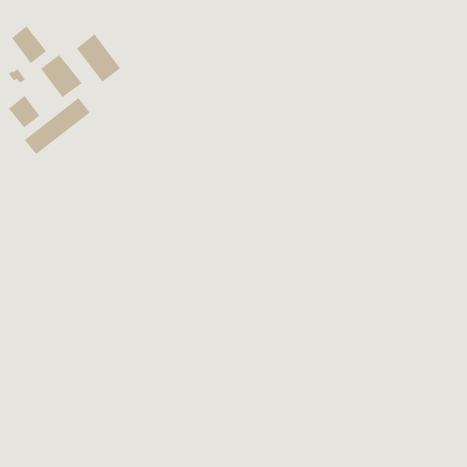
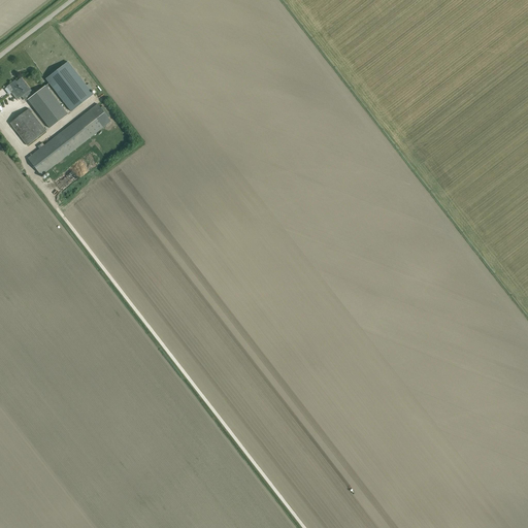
building: [11,25,47,64] -> [27,85,67,128]
building: [76,33,121,82] -> none

